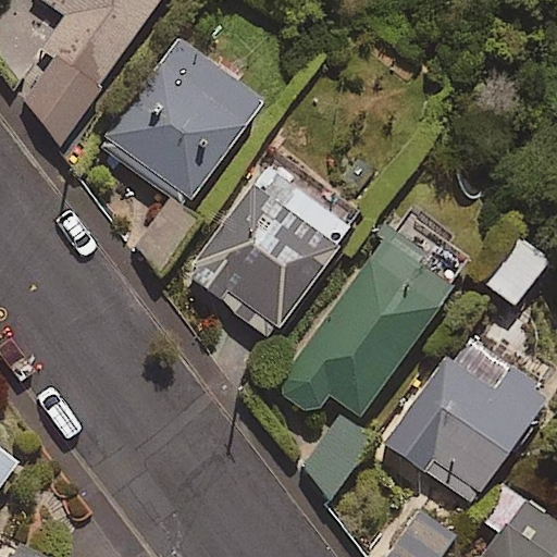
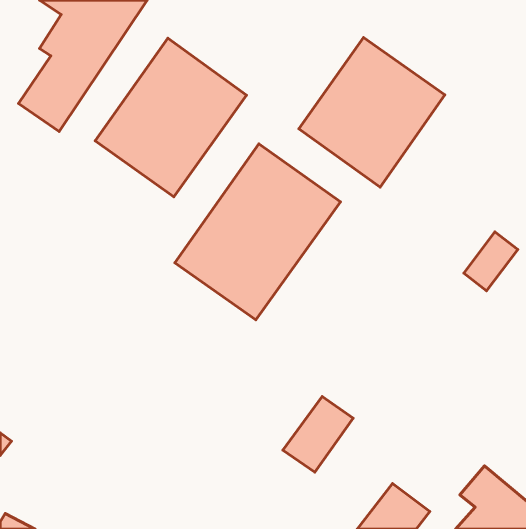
building: none -> [299,38,445,187]
building: [264,234,450,417] -> none
building: [386,358,548,504] -> none

